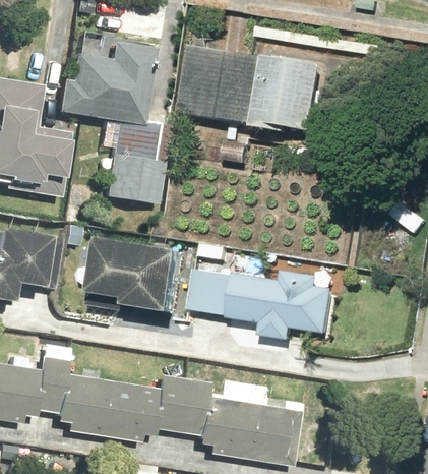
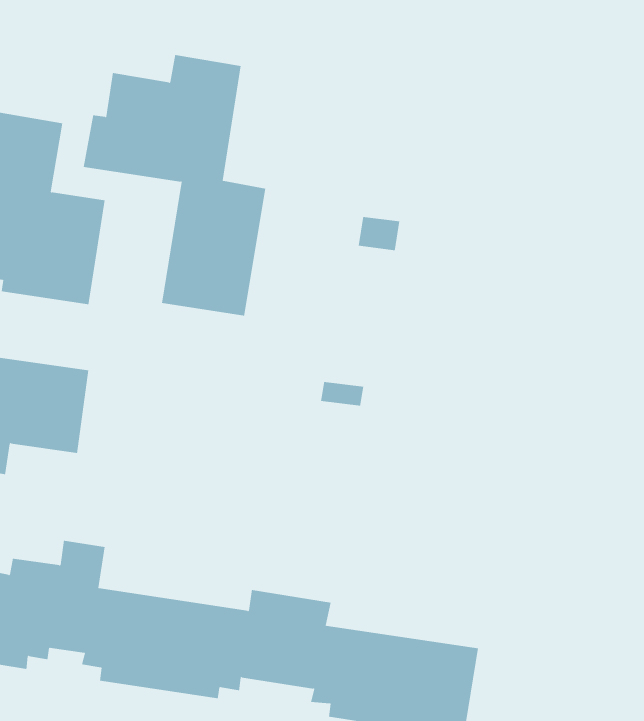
building: [180,45,323,133] -> none
building: [93,240,184,316] -> none
building: [192,271,335,341] -> none

